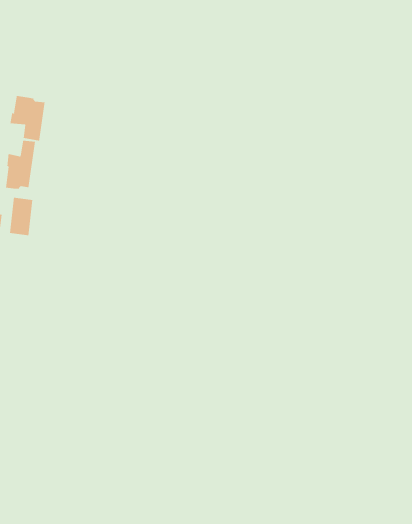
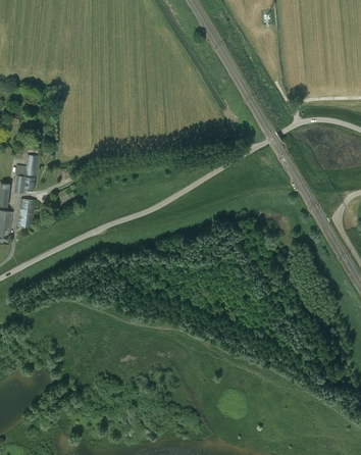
building: [10,95,45,141] -> none

